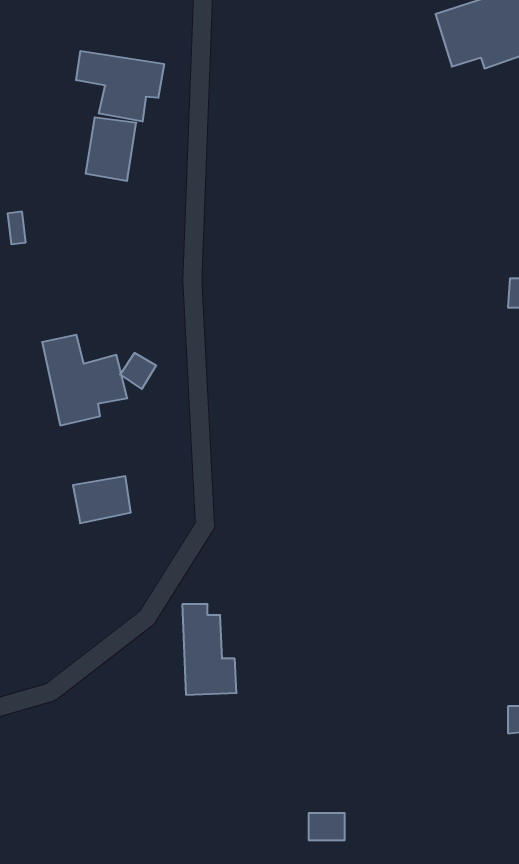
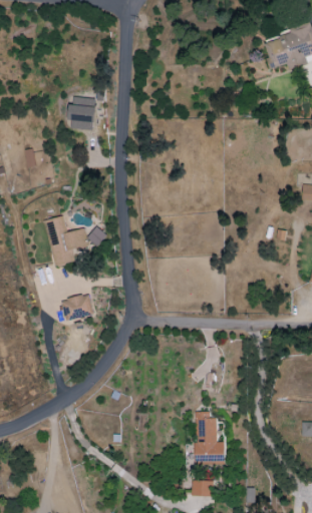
building: [76,51,164,122] -> none
building: [182,604,237,695] -> [195,411,225,461]

